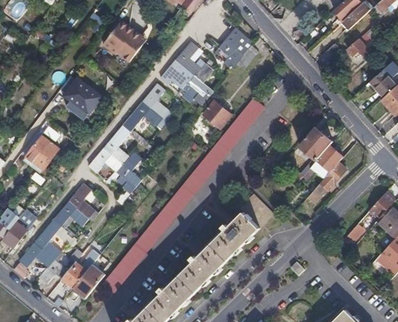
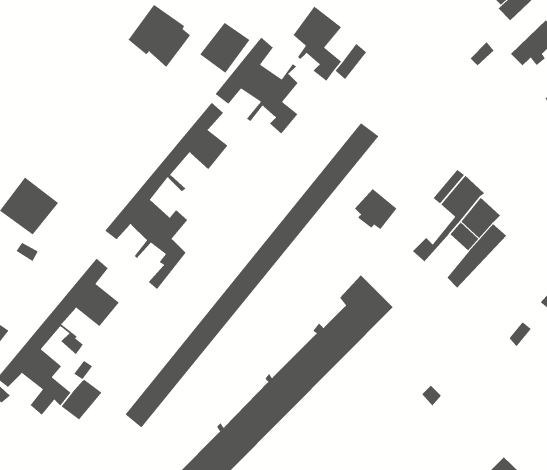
building: none -> [199,22,251,74]
building: [62,78,100,114] -> none
building: [202,101,230,128] -> [354,188,398,230]
building: [72,265,103,299] -> none

